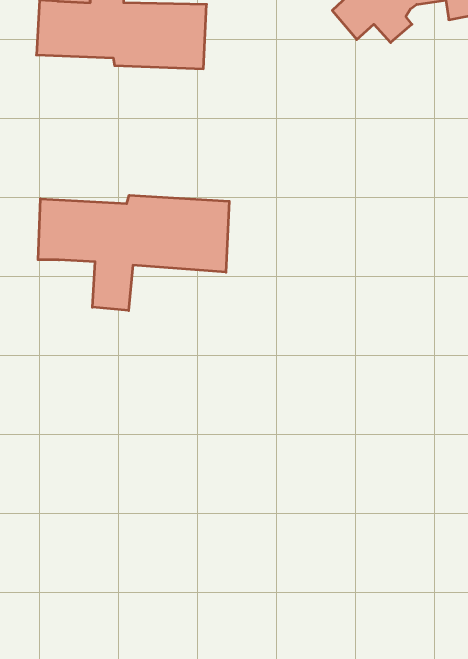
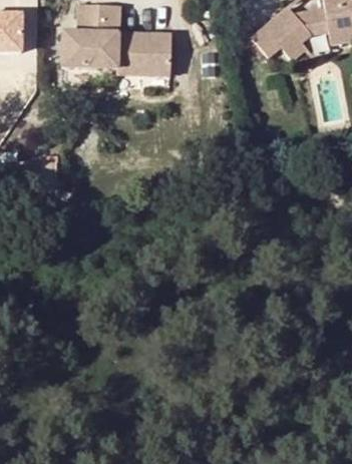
building: [38,195,229,311] -> none

